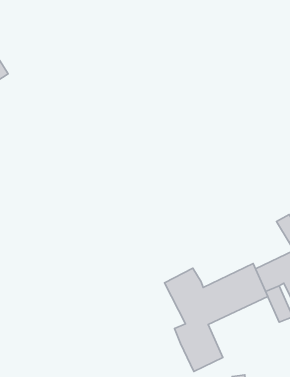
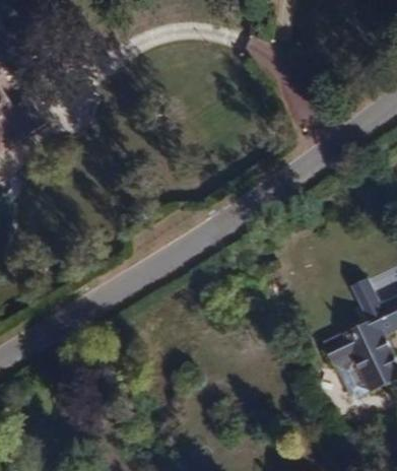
building: [165,263,268,372] -> none

